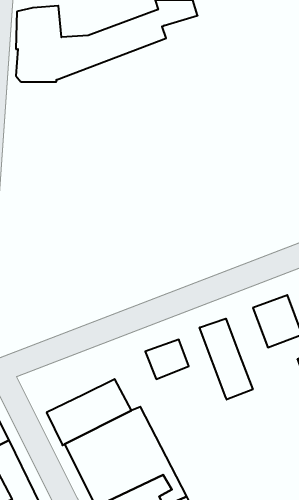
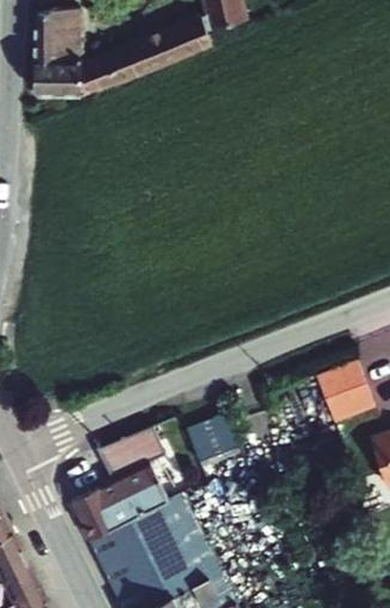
building: [200,319,253,400] -> none
building: none -> [95,425,165,480]

